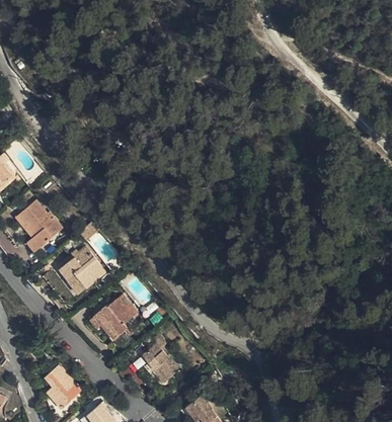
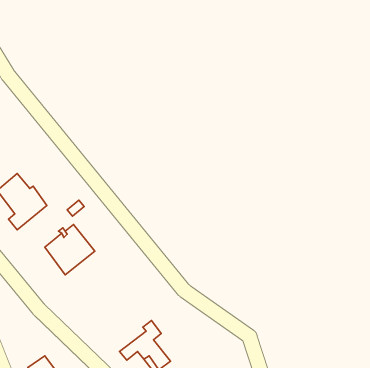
building: [95,296,141,342] -> none

